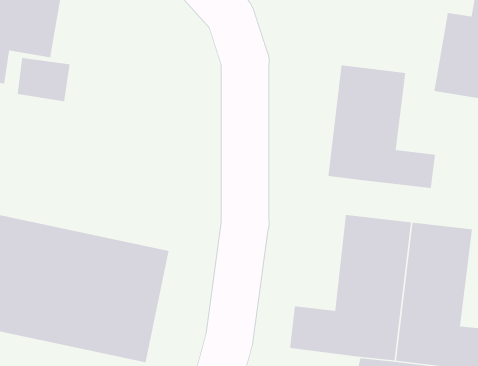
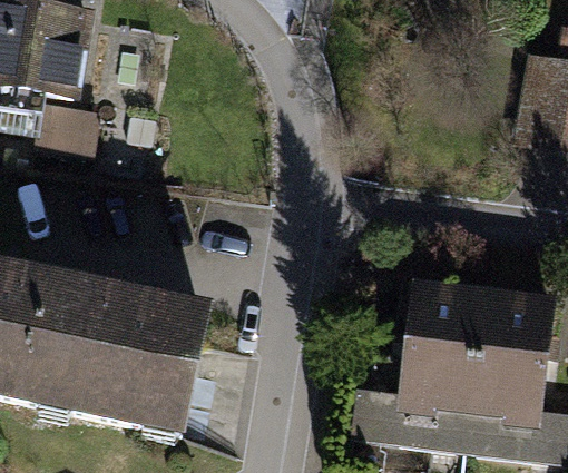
building: [327,64,436,189] -> none

